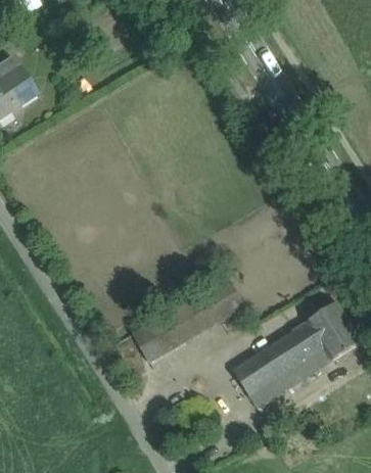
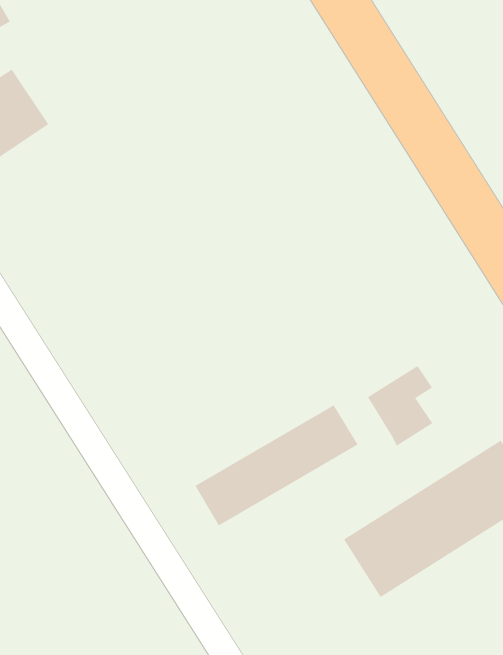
building: none -> [367,365,433,447]

